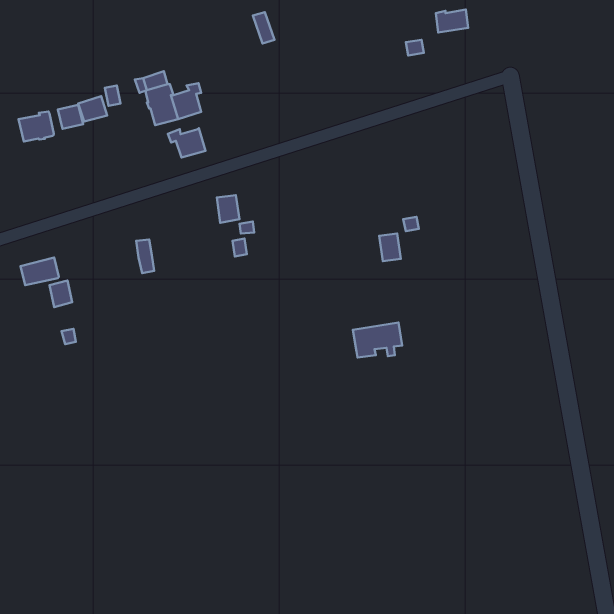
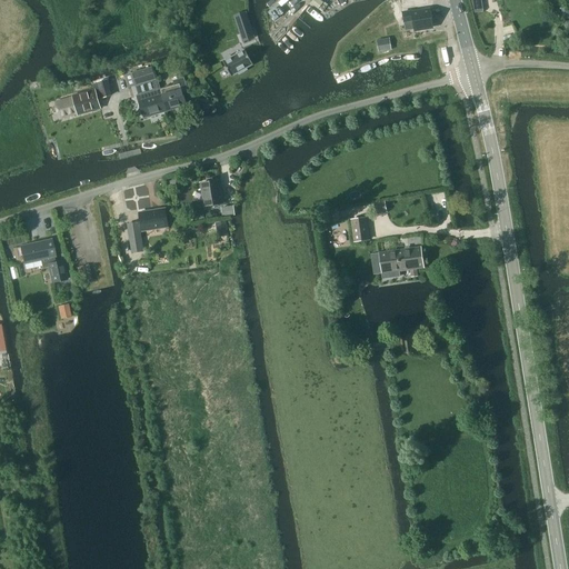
building: none -> [222,48,252,76]
building: [19,111,54,142] -> none
building: [168,128,206,158] -> none
building: none -> [139,208,168,230]
building: [353,323,402,357] -> [378,246,423,278]

